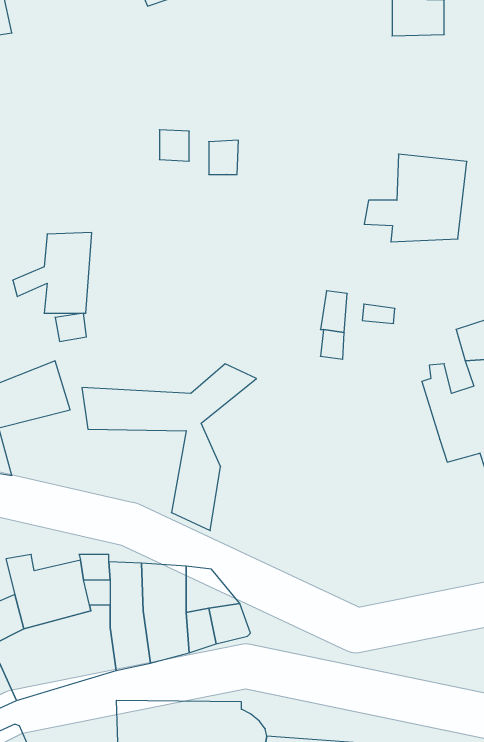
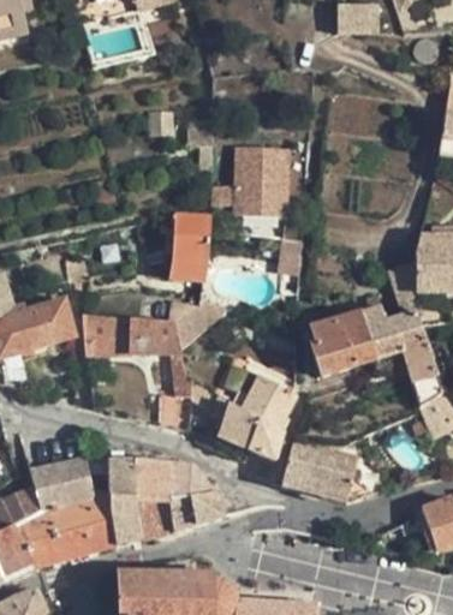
building: [364,154,467,242] -> [211,144,294,215]
building: [13,233,92,313] -> [147,215,210,280]
building: none -> [311,304,376,375]
building: none -> [207,376,299,480]
building: none -> [286,449,357,498]

